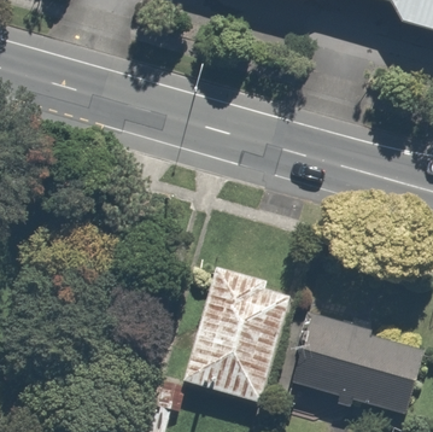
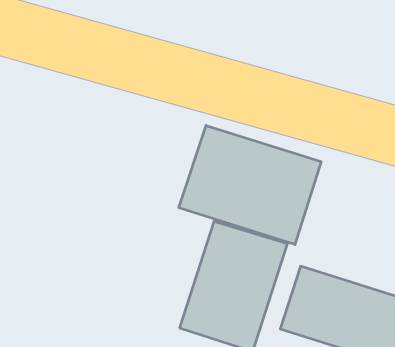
building: none -> [179,125,321,245]

